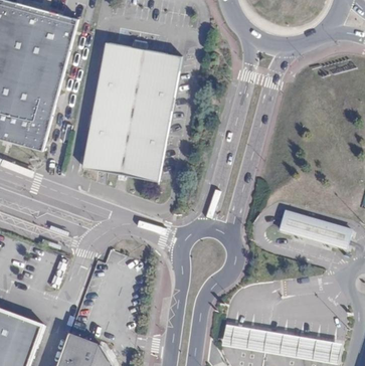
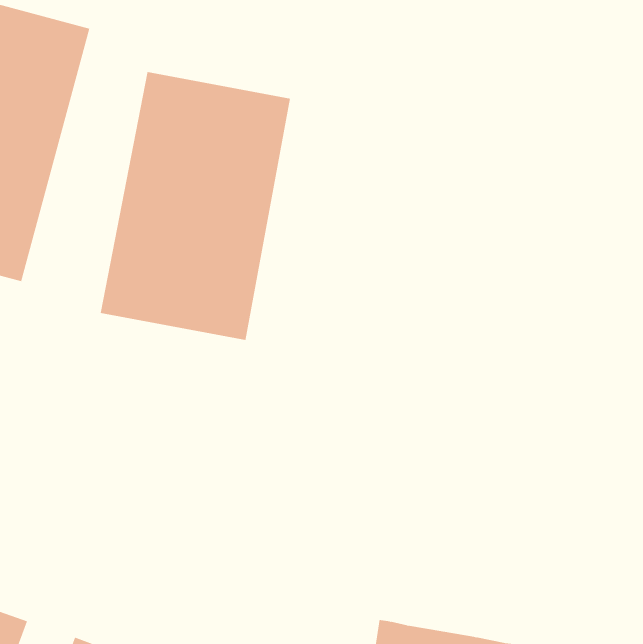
building: [279,211,351,248] -> none

